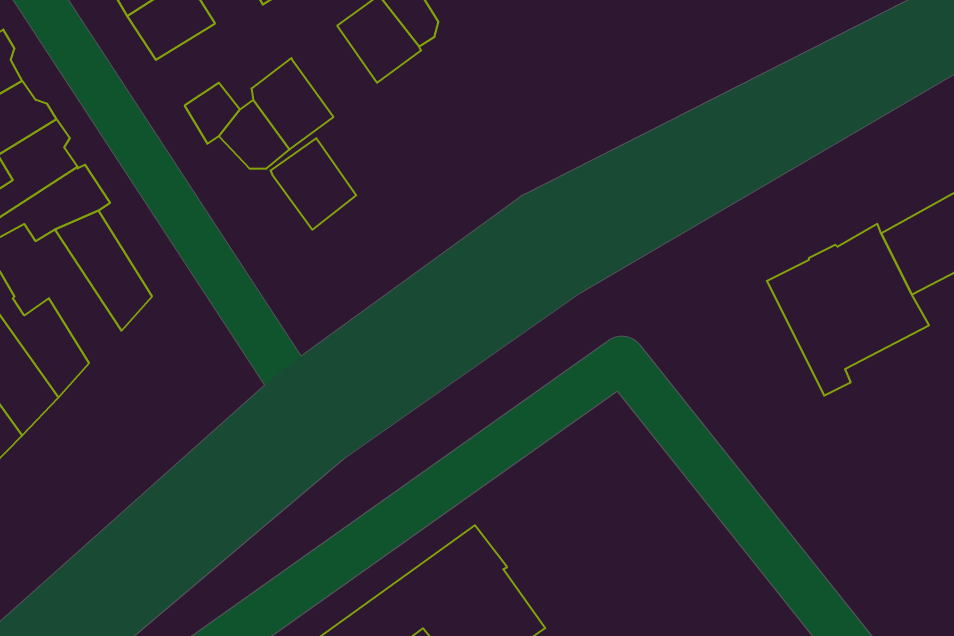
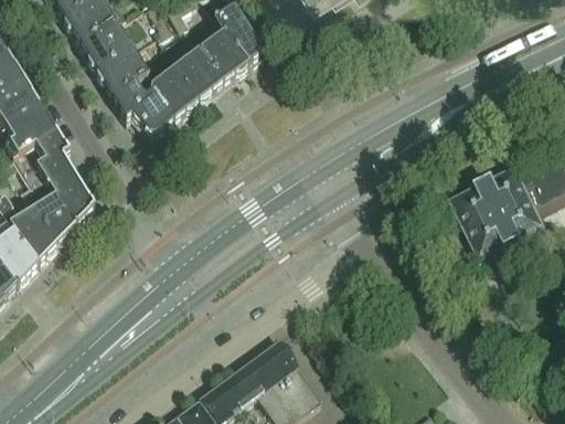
building: none -> [97,47,147,95]
building: [270,138,356,230] -> [175,49,225,102]
building: none -> [28,167,77,244]

